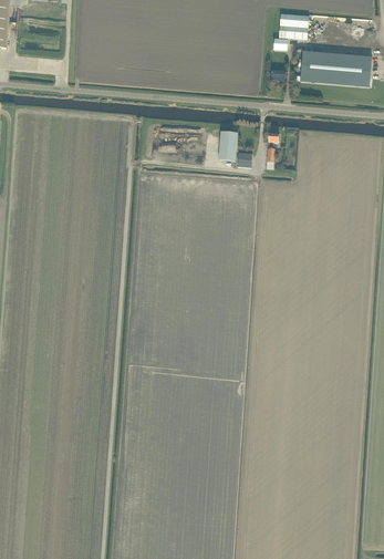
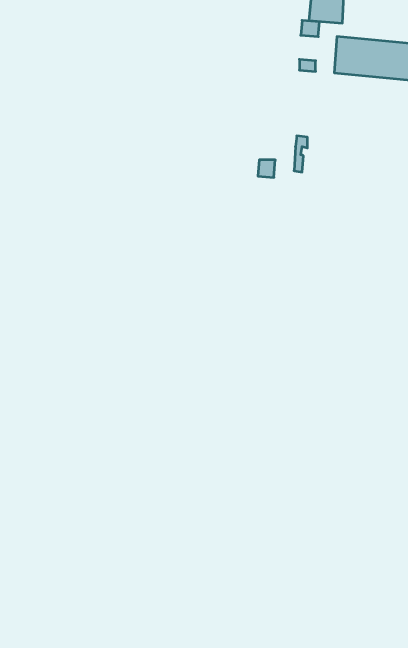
building: [218,130,237,158] -> none

